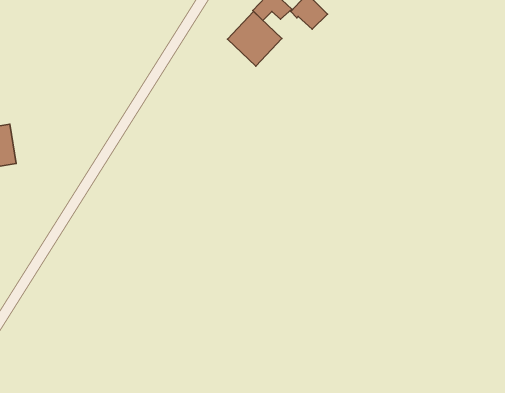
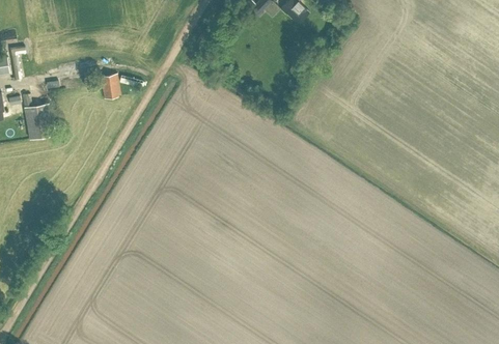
building: [227,12,282,66] -> none
building: none -> [100,73,120,98]

